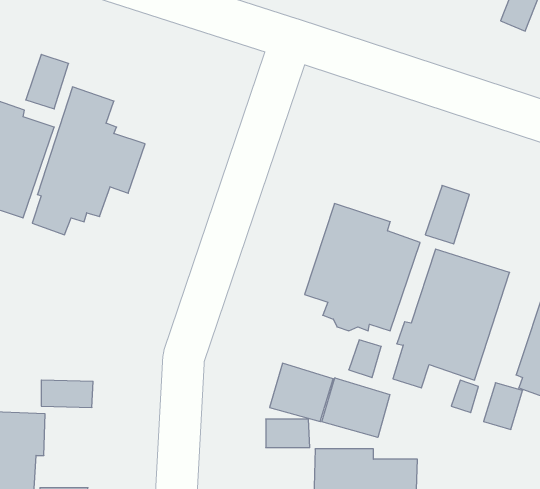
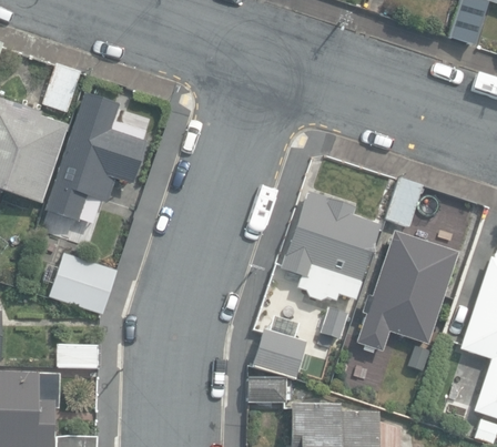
building: none -> [49,251,118,314]
building: [322,378,390,437] -> none

